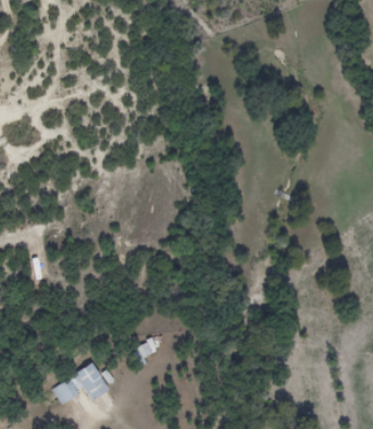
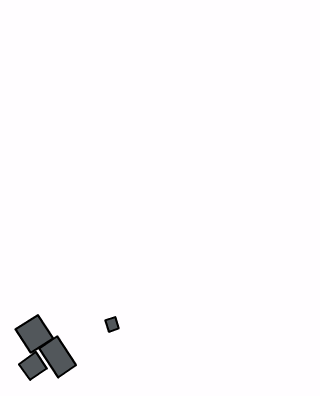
building: none -> [15,315,53,353]

